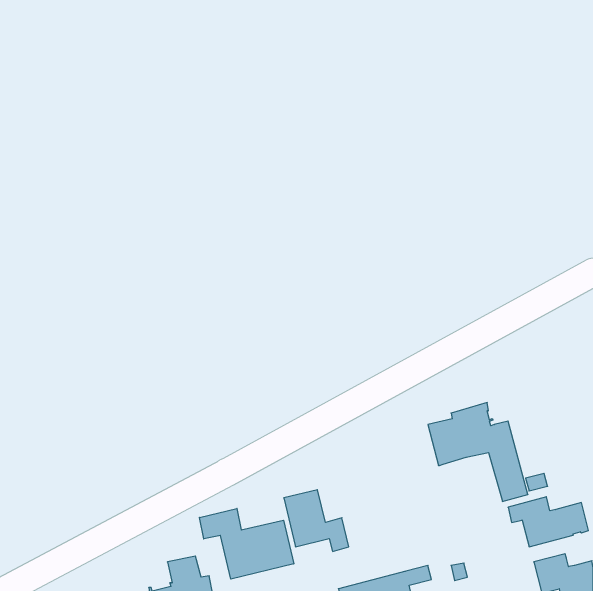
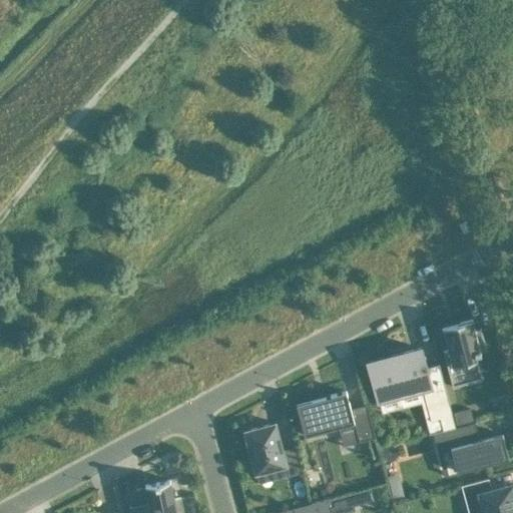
building: none -> [442,322,486,389]
building: none -> [296,393,375,444]
building: [199,508,294,579] -> none

